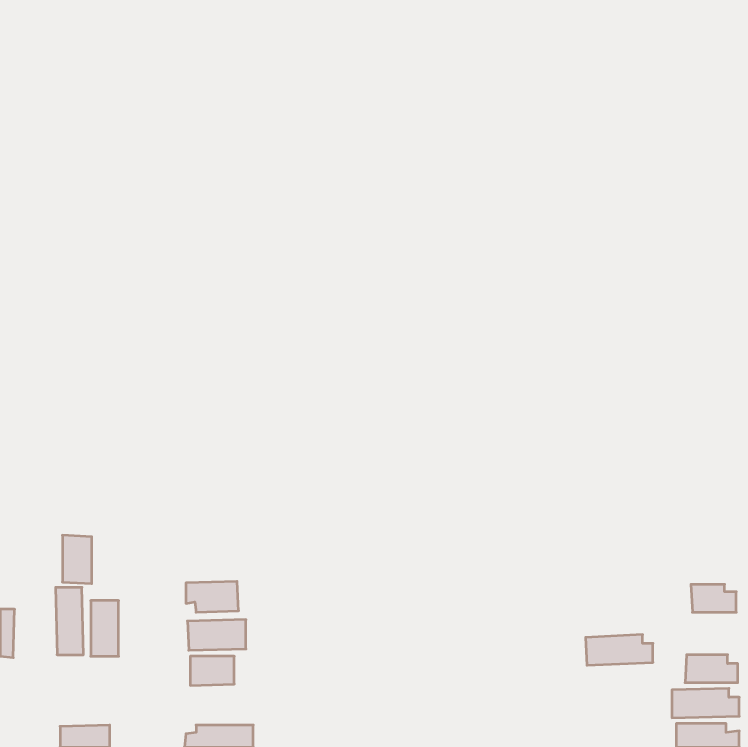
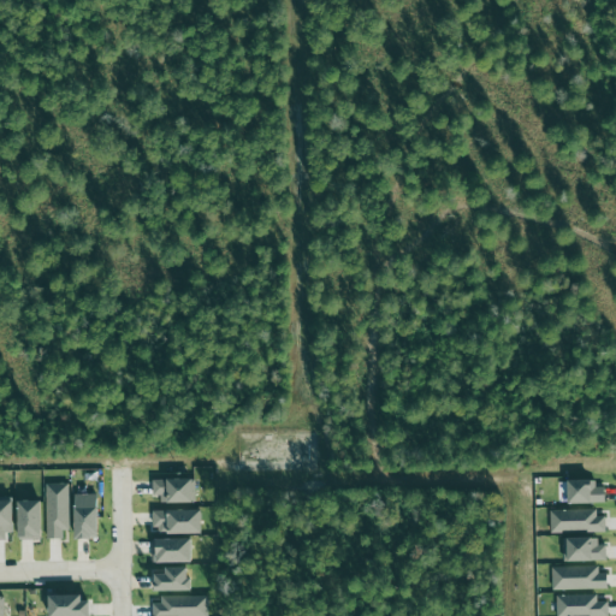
building: [62,535,92,584] -> [18,499,42,539]
building: [586,635,653,665] -> [550,508,605,533]
building: none -> [155,567,190,591]

